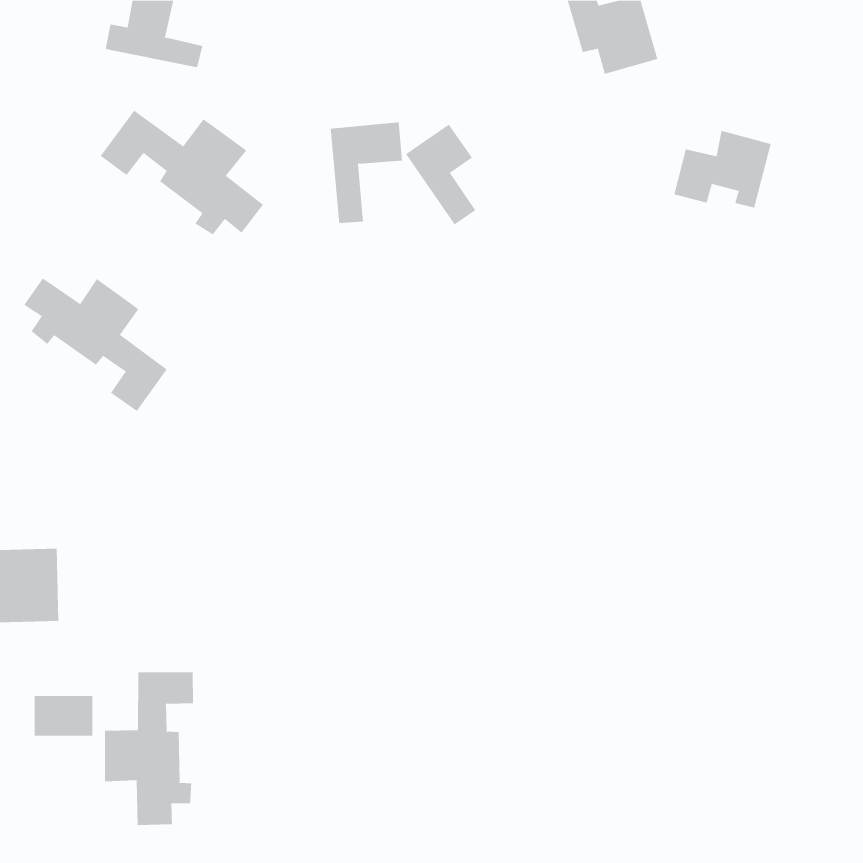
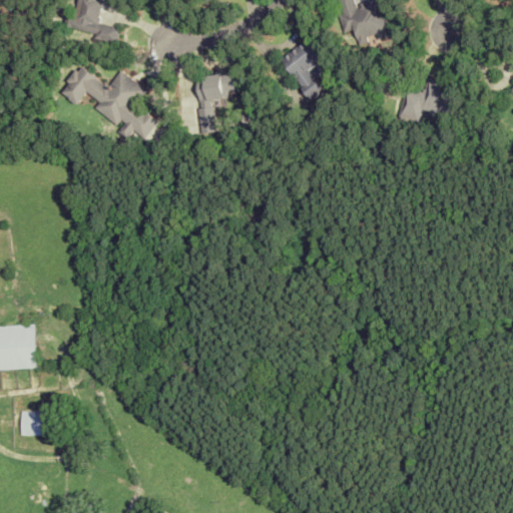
building: [405,124,476,225] -> [281,40,323,100]
building: [24,278,168,412] -> none
building: [104,671,194,826] -> none

